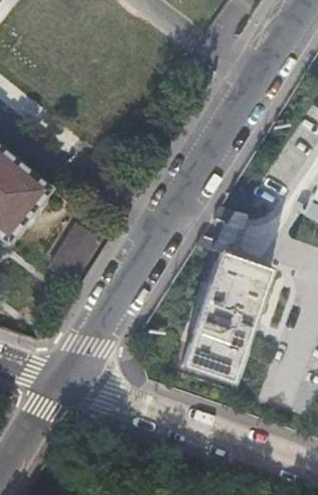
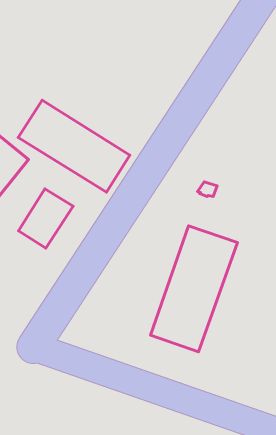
building: none -> [18,100,130,192]

